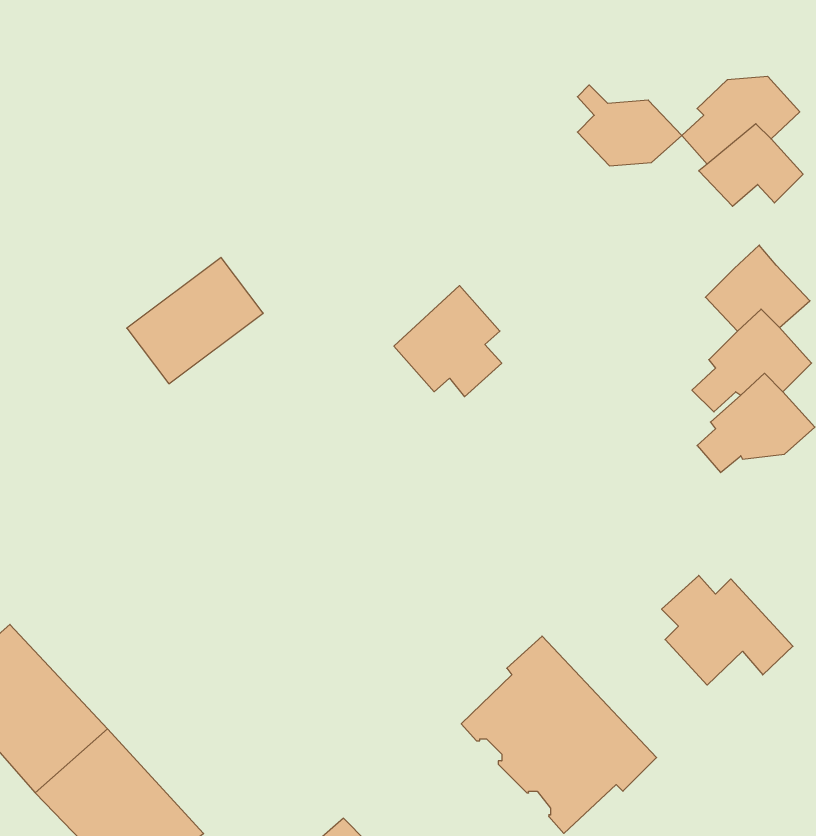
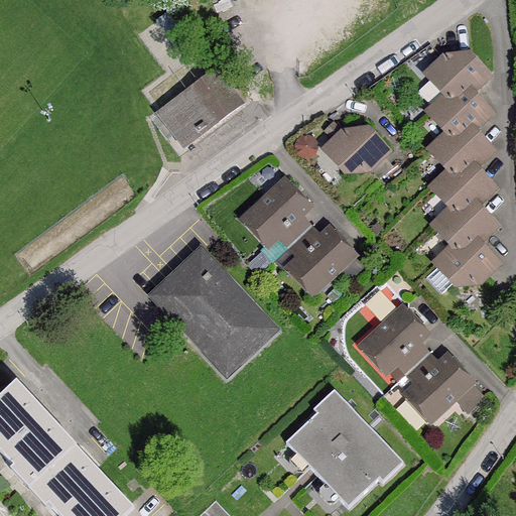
building: [577,85,682,166] -> [325,121,387,169]
building: none -> [429,119,492,169]
building: [127,257,263,384] -> [158,70,240,145]
building: none -> [274,226,353,291]
building: none -> [151,249,274,374]
building: none -> [363,306,427,373]

